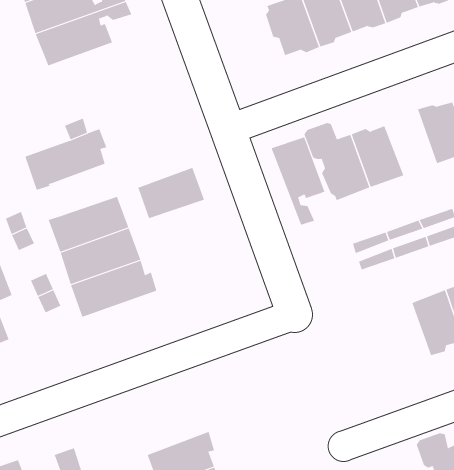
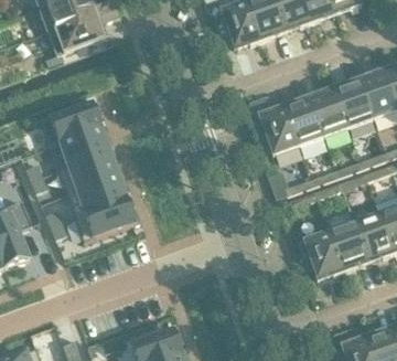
building: none -> [309,86,347,136]
building: [271,137,325,226] -> none
building: [137,167,205,219] -> [58,127,109,166]
building: none -> [302,231,343,277]

